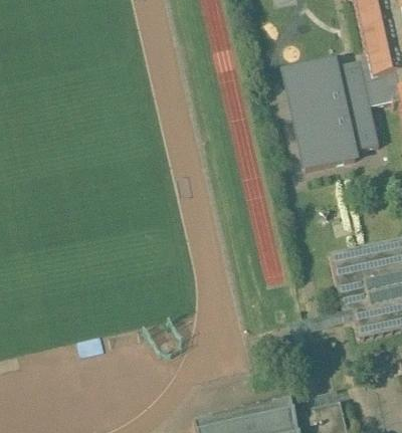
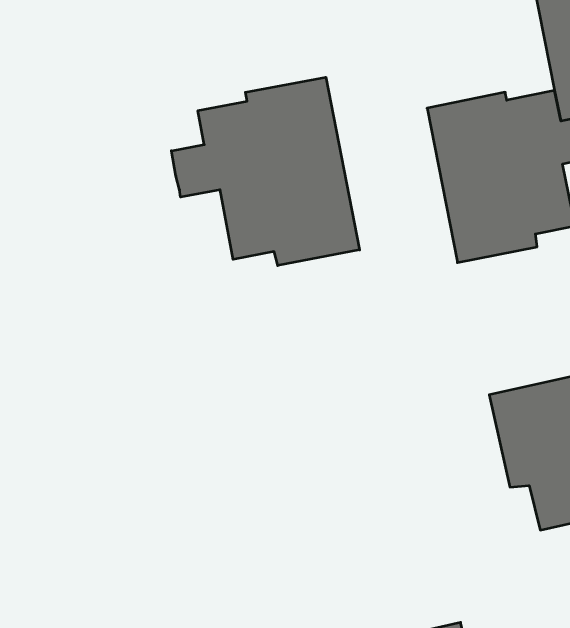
building: none -> [171,77,360,266]

